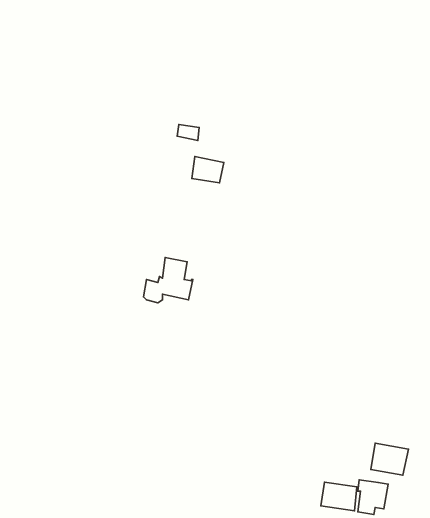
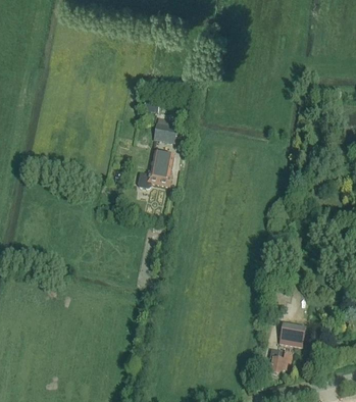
building: [143,258,193,303] -> [138,156,172,188]
building: [321,482,357,511] -> none

